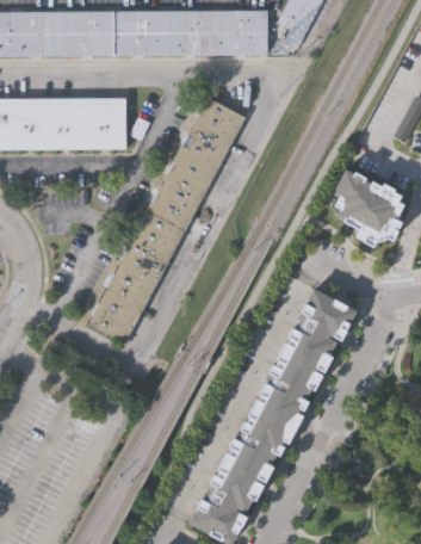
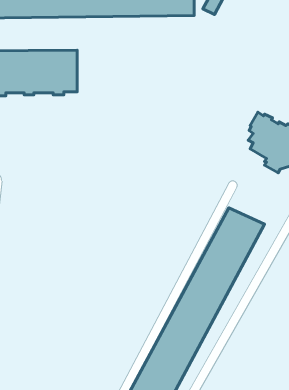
building: [89,97,248,344] -> none

